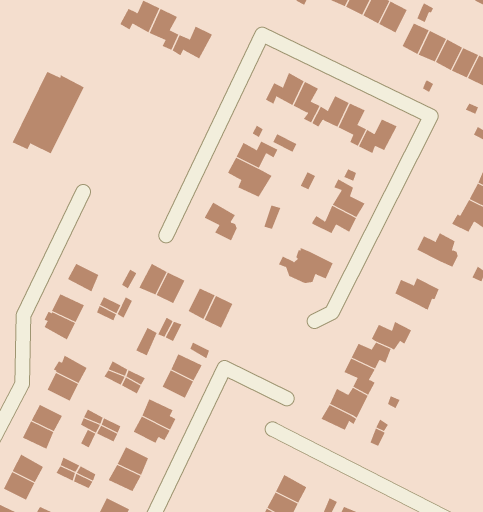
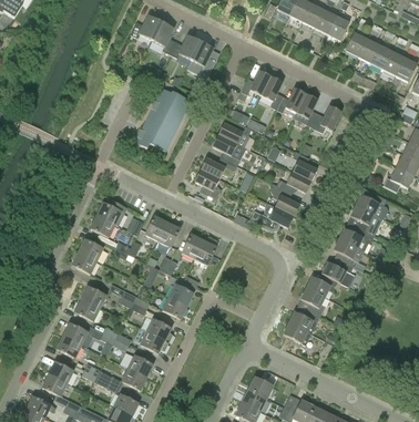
building: none -> [186,41,215,79]
building: [12,71,85,154] -> [135,88,191,151]
building: none -> [201,157,236,178]
building: none -> [269,183,299,215]
building: none -> [96,196,127,226]
building: none -> [350,205,384,235]
building: none -> [334,238,364,266]

